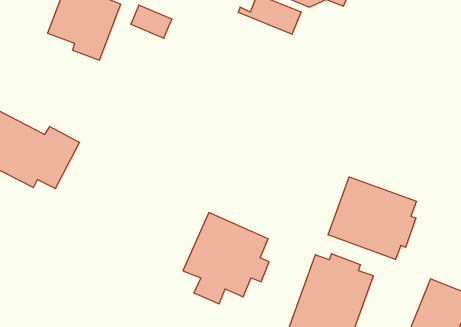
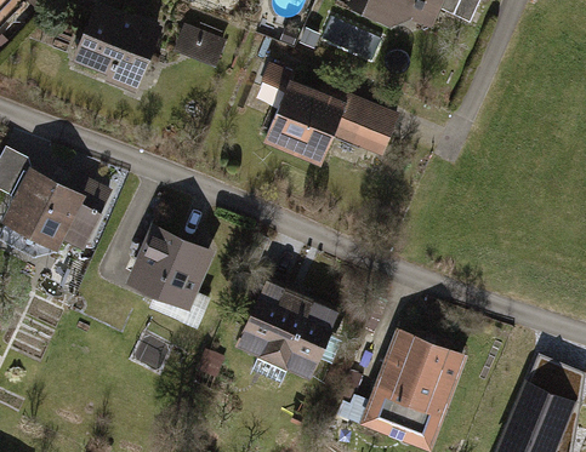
building: none -> [257,63,398,166]
building: none -> [126,222,214,321]
building: [328,177,417,259] -> none

